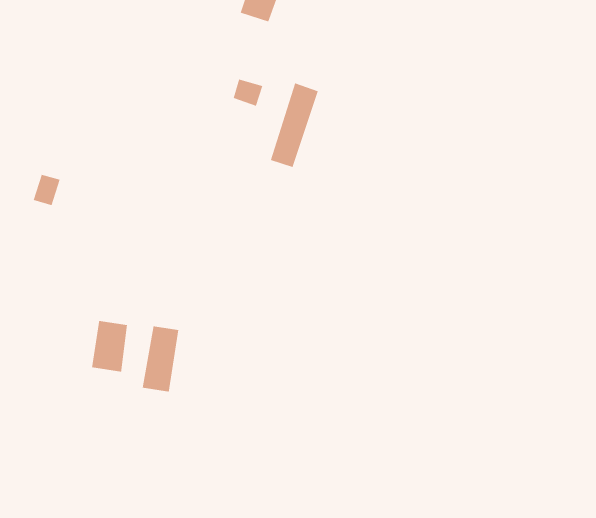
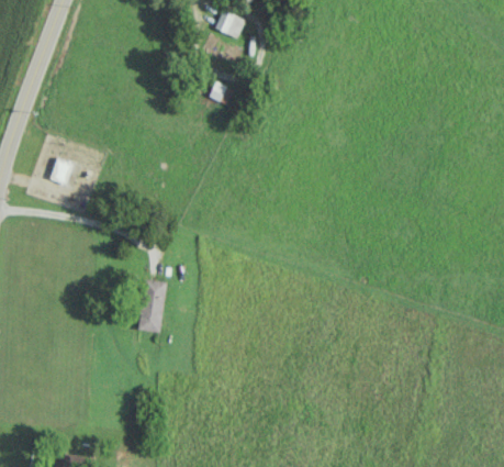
building: [270,83,319,168] -> none
building: [91,320,128,373] -> none

